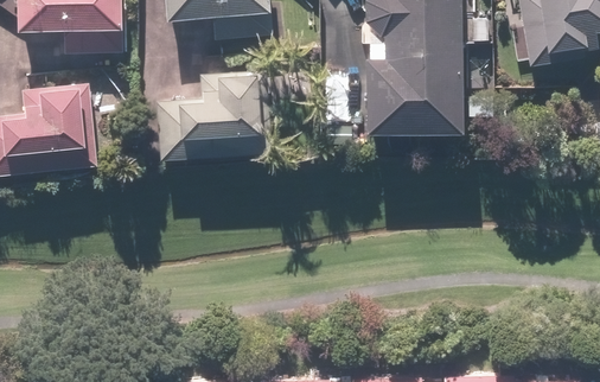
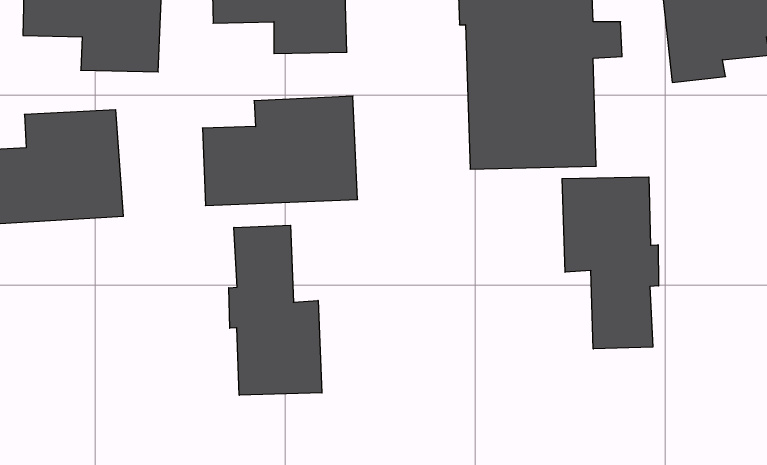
building: none -> [562,177,659,349]
building: none -> [229,225,322,395]

